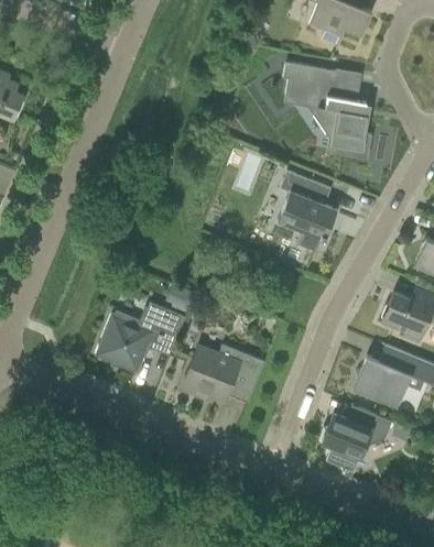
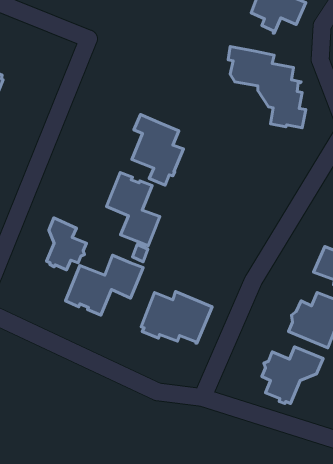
building: [278,169,337,251] -> [132,114,184,185]
building: none -> [106,173,160,246]
building: none -> [46,218,86,270]

